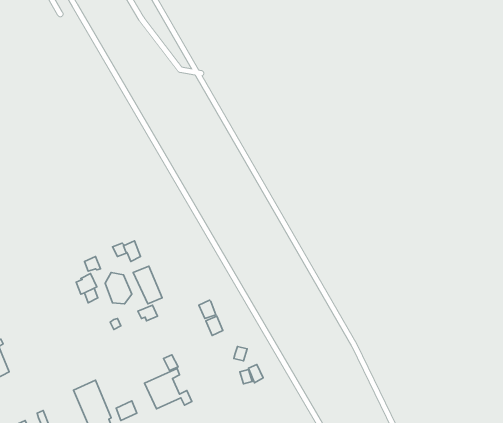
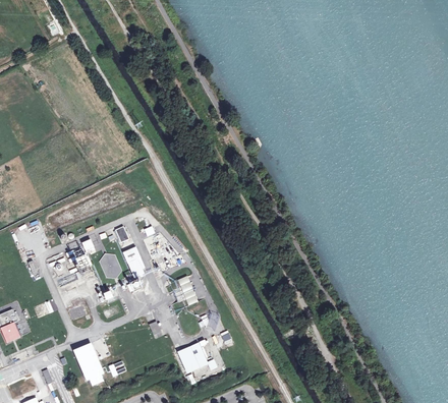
building: [144,369,192,409] -> [177,340,217,373]

